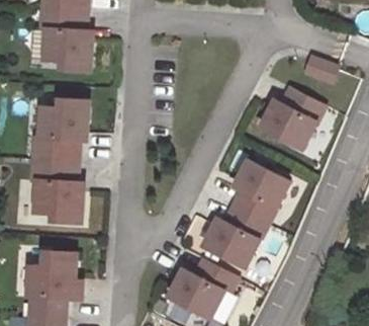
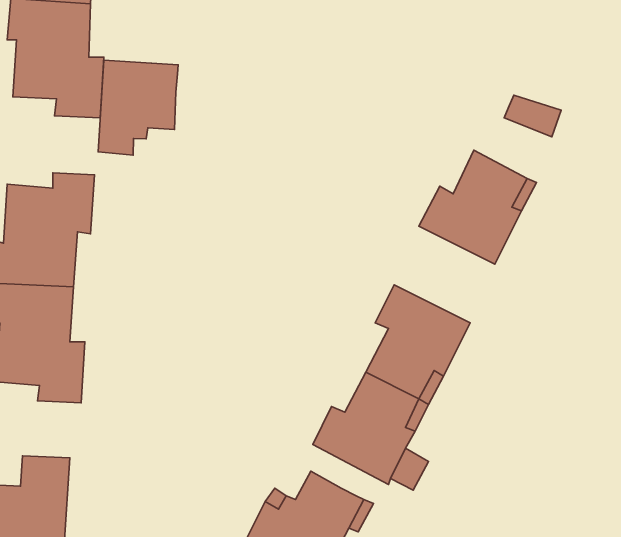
building: none -> [98,60,178,155]

